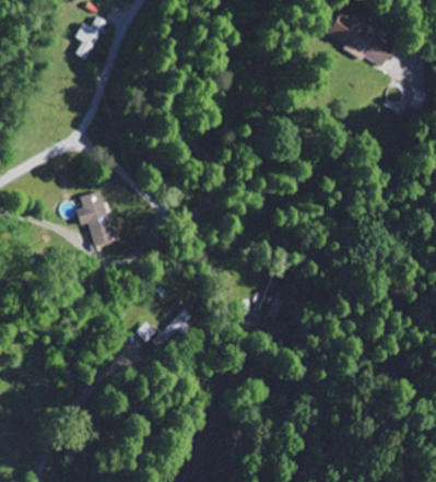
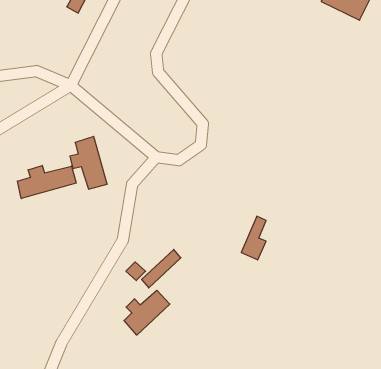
building: none -> [17,165,76,199]
building: none -> [124,290,170,335]

